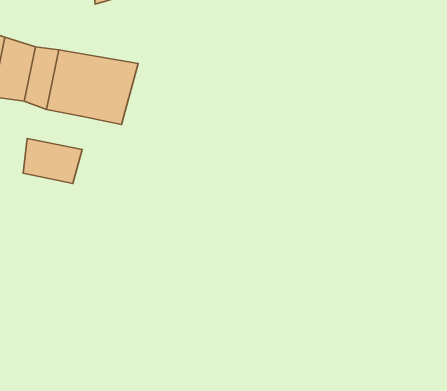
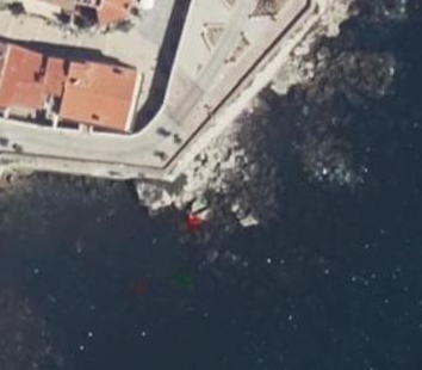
building: [23,138,82,184] -> none

